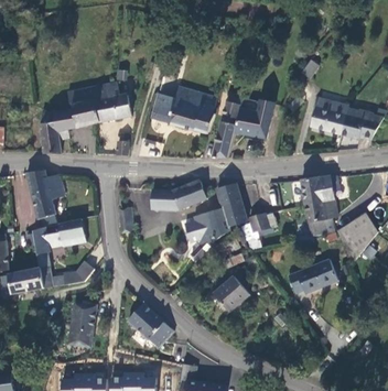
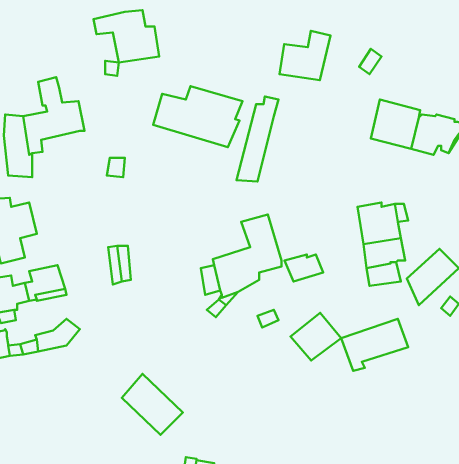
building: [80,83,129,121] -> [93,10,159,62]
building: [236,100,273,137] -> [280,31,330,80]
building: [151,180,205,208] -> none
building: [212,274,249,309] -> [290,313,341,360]
building: [69,304,96,348] -> none

